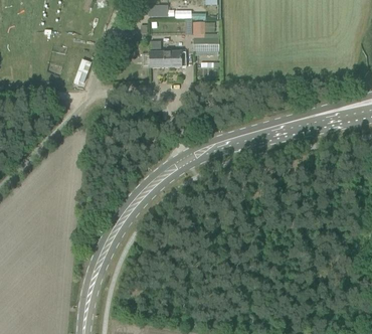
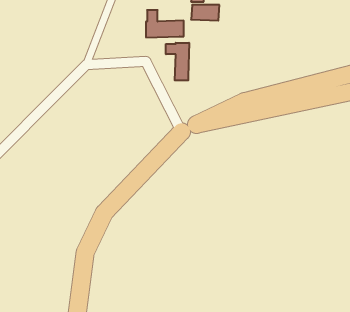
building: none -> [166,43,189,80]

